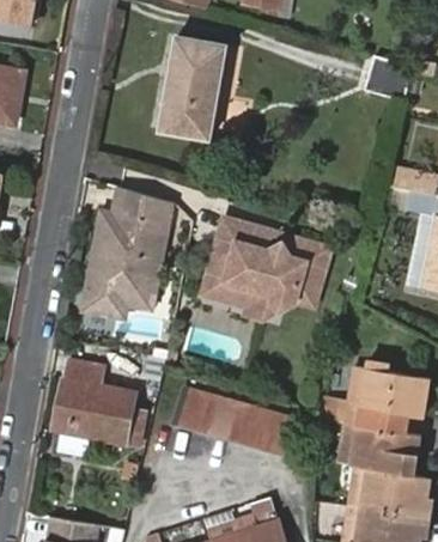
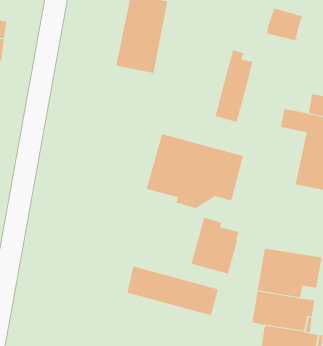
building: none -> [215,49,253,123]
building: [80,188,172,318] -> none
building: none -> [191,217,240,274]
building: [53,360,145,455] -> none

